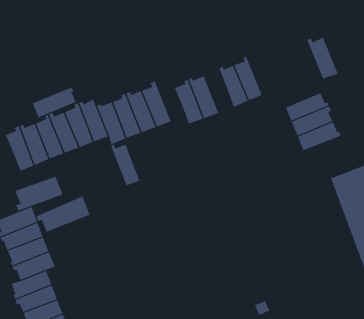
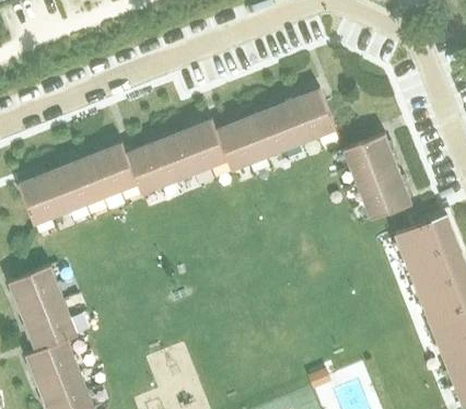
building: [306,37,338,79] -> [299,89,336,138]
building: none -> [249,106,283,159]
building: [32,87,76,118] -> none
building: none -> [364,185,412,220]
building: [110,144,140,186] -> [193,119,228,168]
building: [15,176,63,212] -> none
building: [36,196,90,232] -> none

